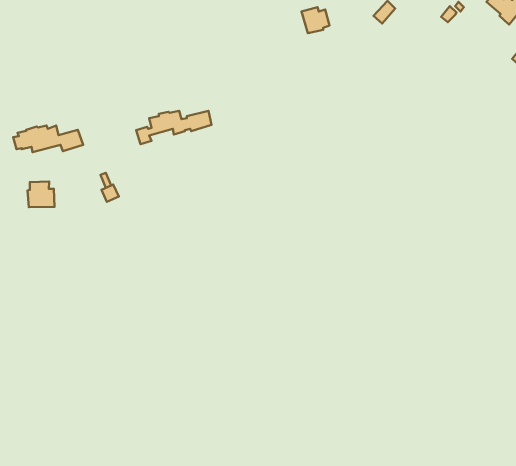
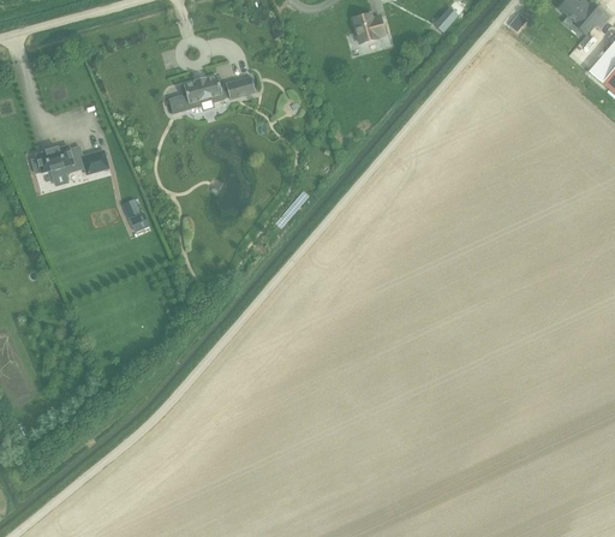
building: [136,111,212,144] -> [168,76,252,113]
building: [27,182,55,207] -> none

